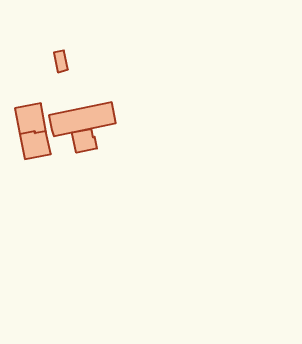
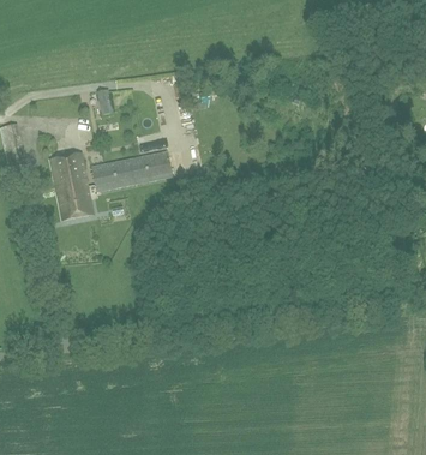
building: [72,129,97,153] -> none

